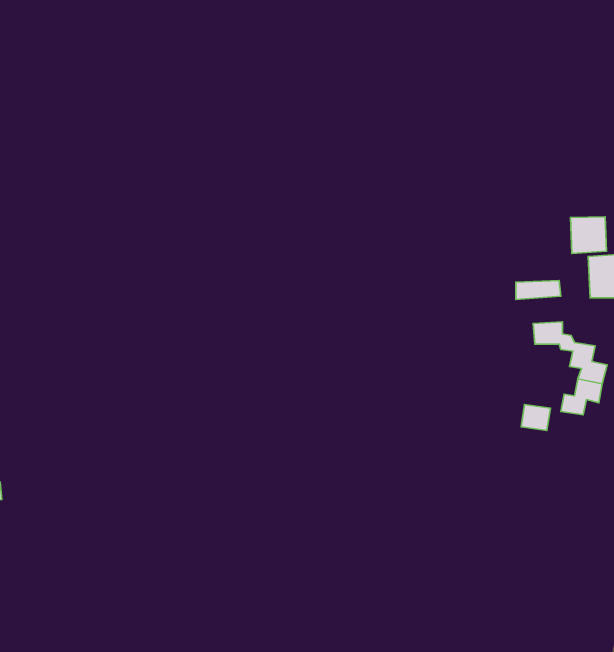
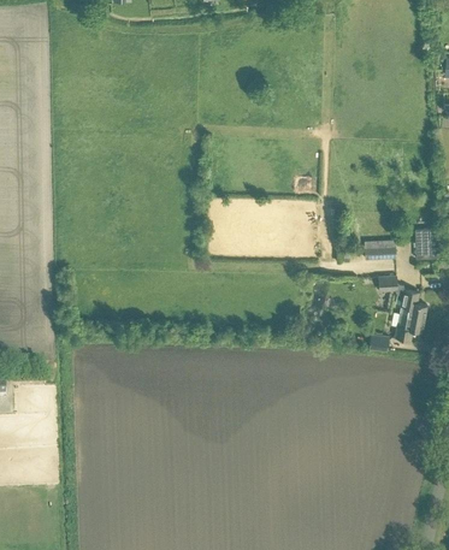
building: [570,217,606,254] -> none

